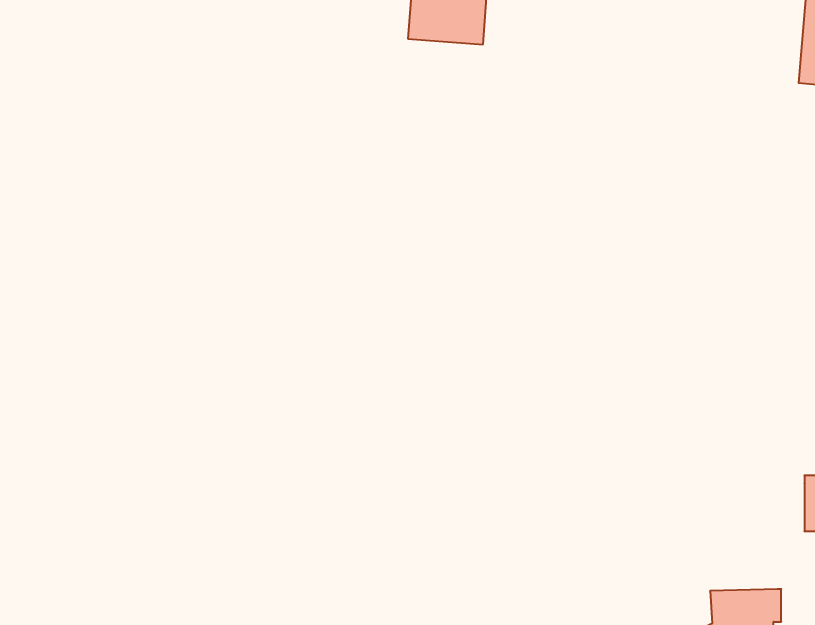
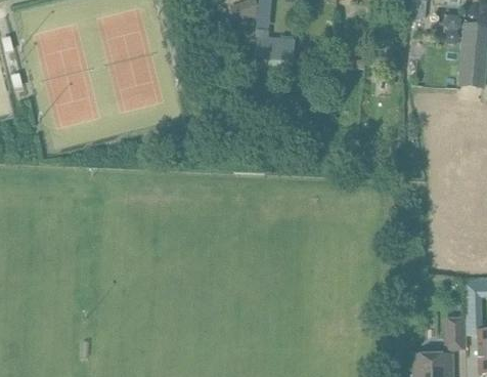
building: none -> [444,318,464,346]

